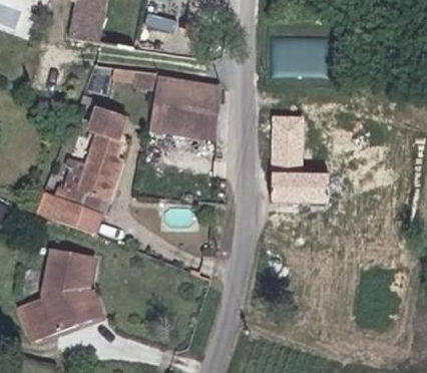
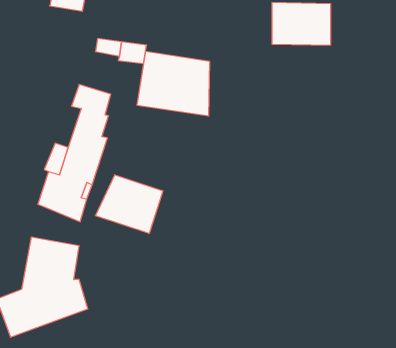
building: [267,114,330,203] -> none
building: none -> [95,175,163,234]

